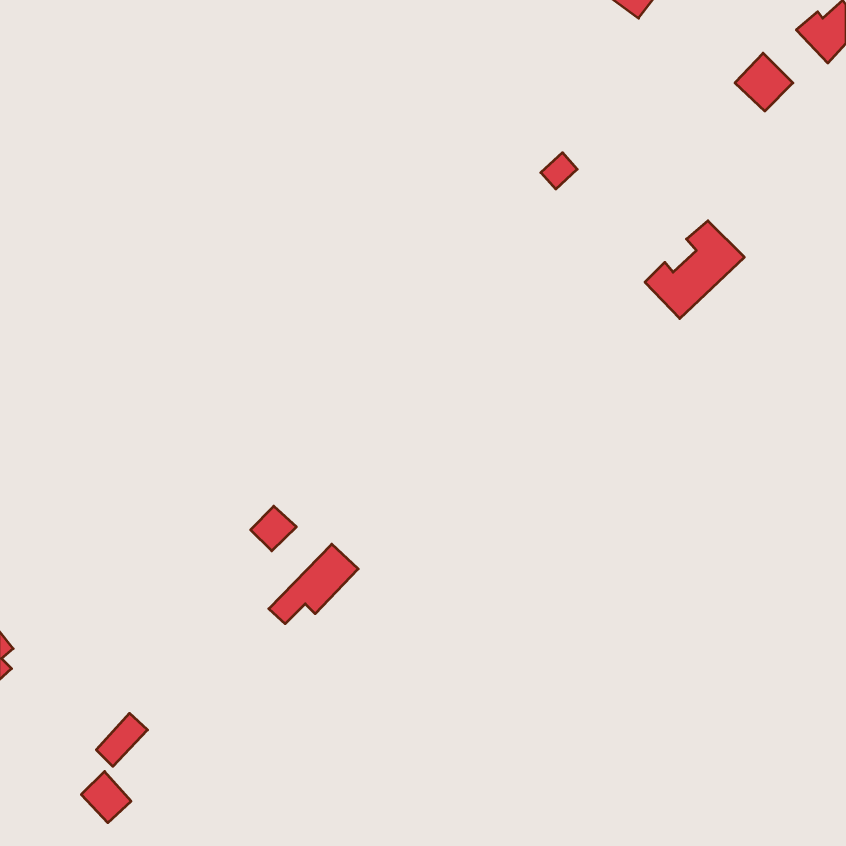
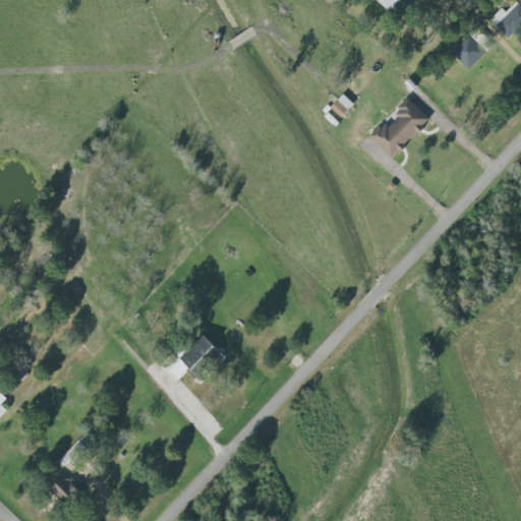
building: [645,221,744,319] -> [370,97,431,157]
building: [251,506,296,551] -> none

